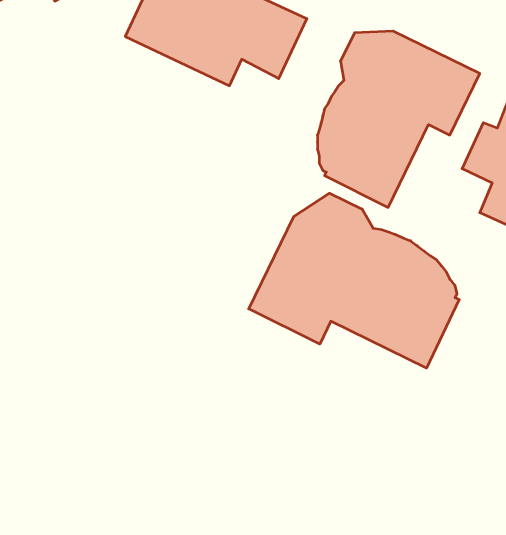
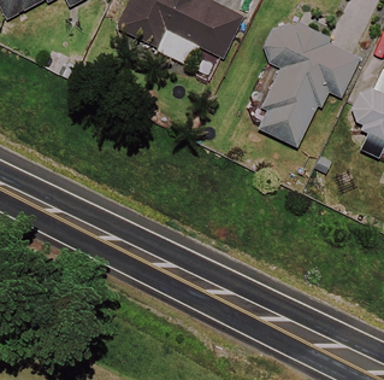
building: [249,193,459,368] -> none

